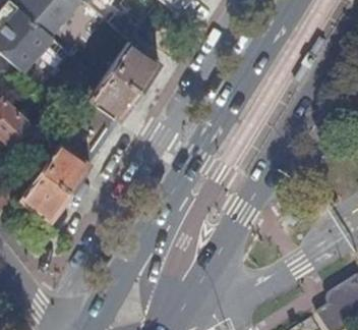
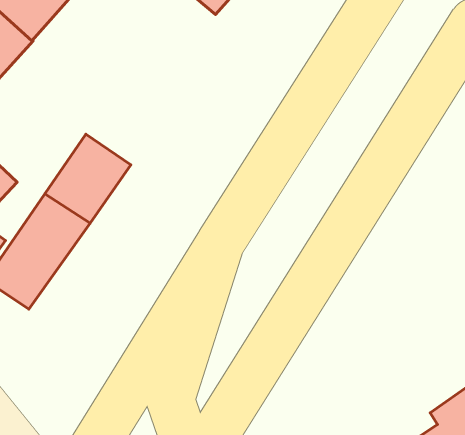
building: [88,42,160,120] -> none

